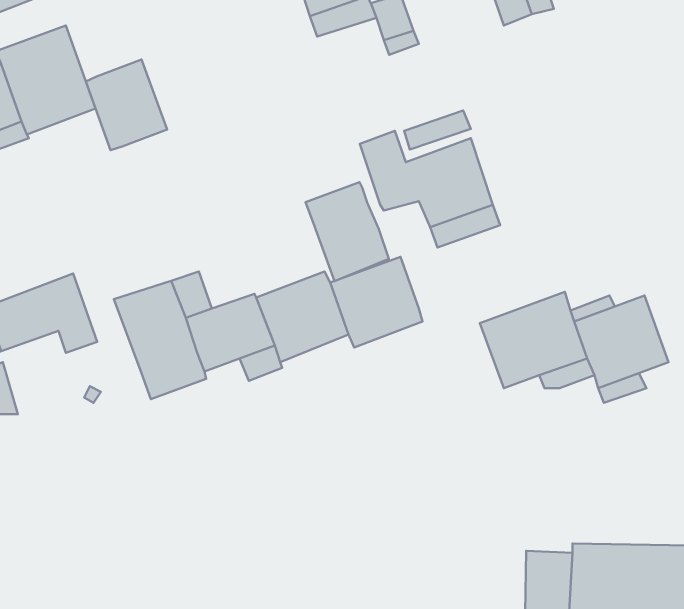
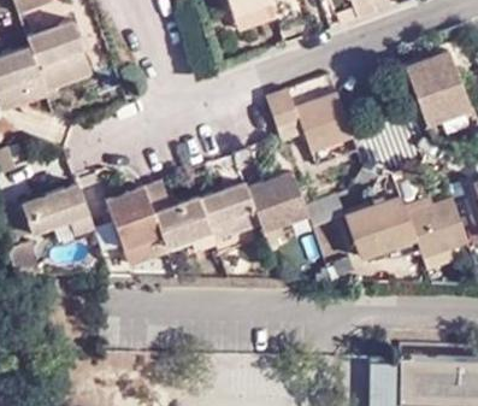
building: [86,60,167,150] -> none
building: none -> [402,52,467,123]
building: [305,182,389,281] -> none

